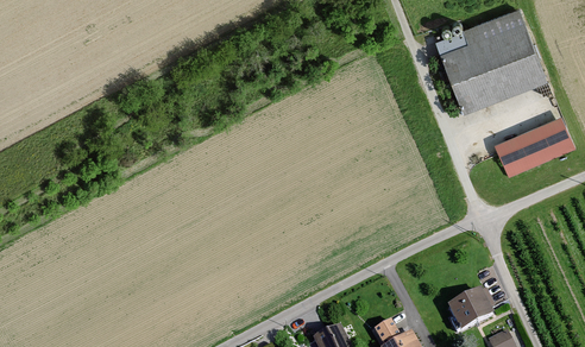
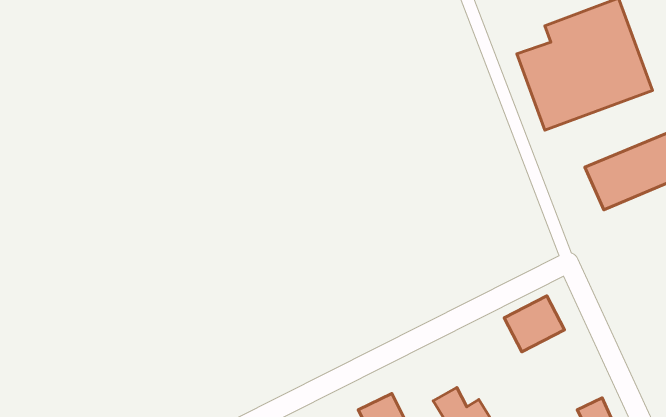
building: [441,286,490,332] -> [504,296,564,352]

